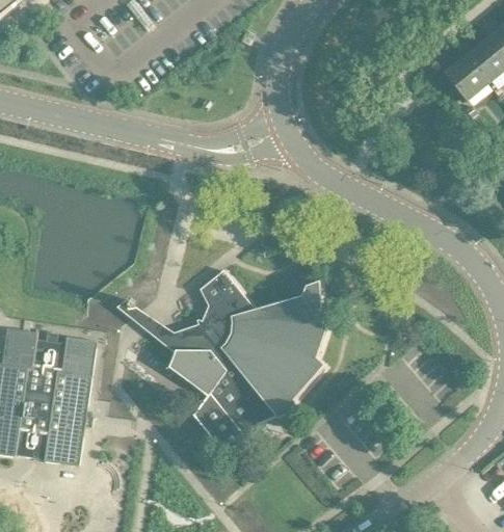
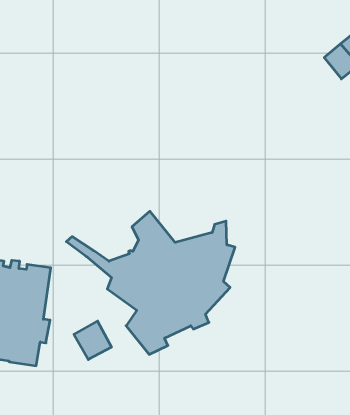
building: none -> [74,321,111,360]

